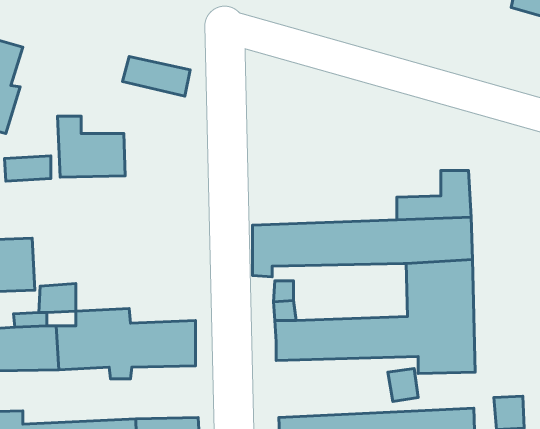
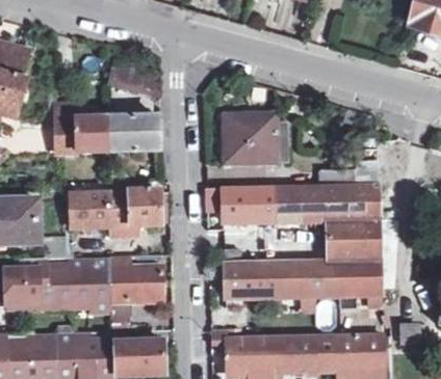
building: none -> [226,111,279,163]
building: none -> [106,117,156,152]
building: none -> [70,191,160,227]

